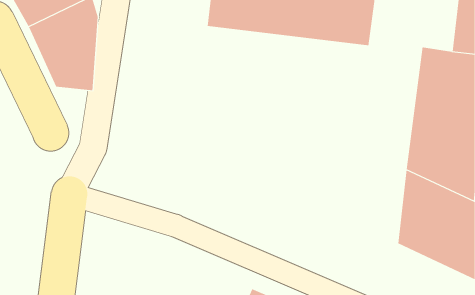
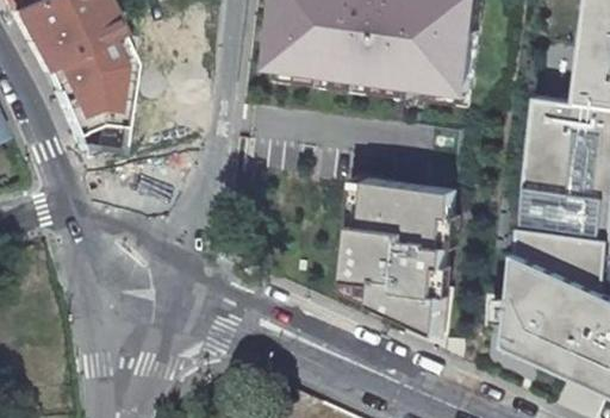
building: none -> [340,180,458,338]

